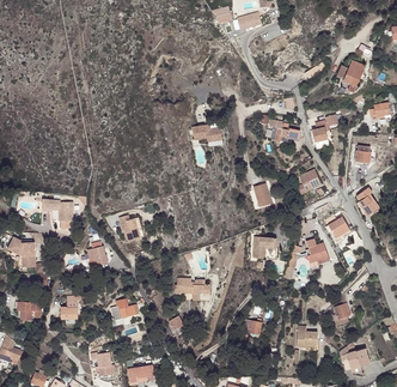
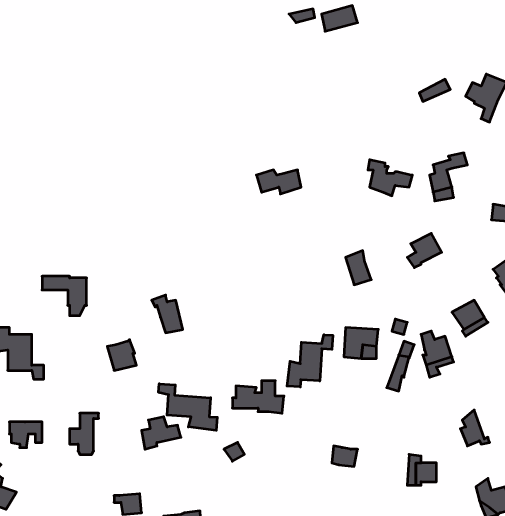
building: none -> [287,335,333,387]
building: none -> [159,384,217,430]

